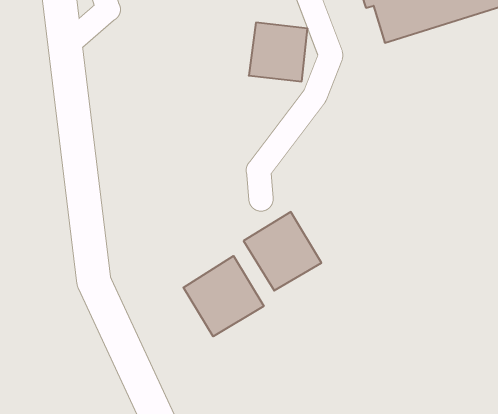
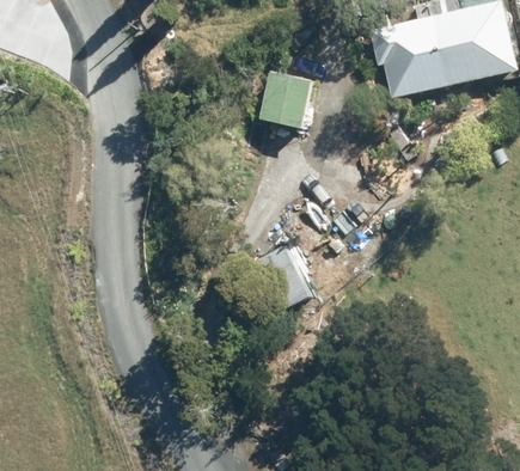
building: [183,256,264,336] -> none

